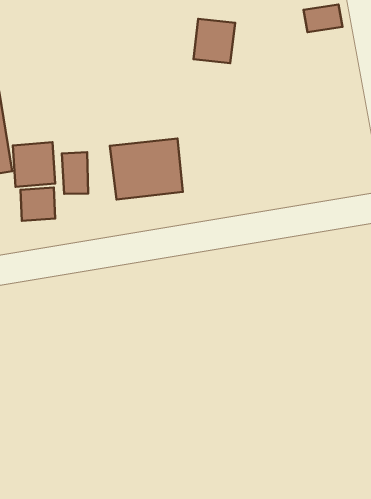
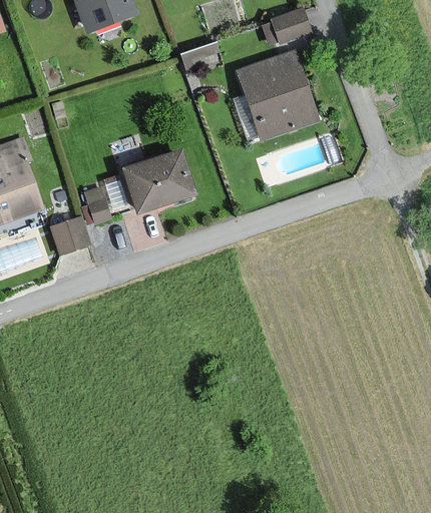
building: none -> [239,55,317,141]
building: [13,142,55,187] -> none

